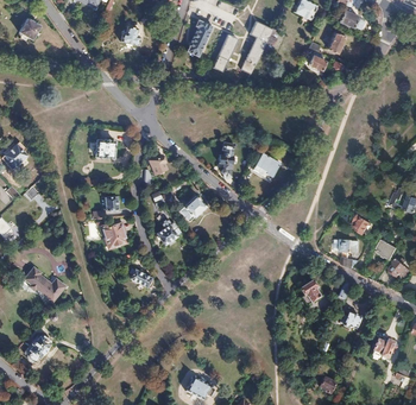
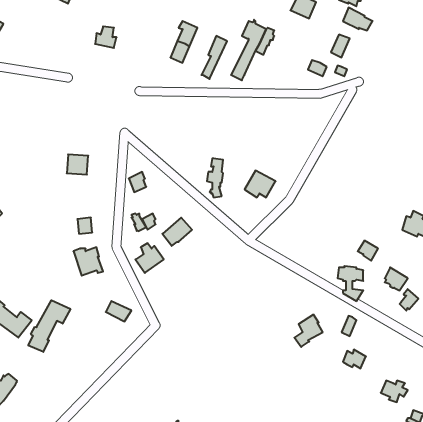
building: none -> [28,300,70,352]

